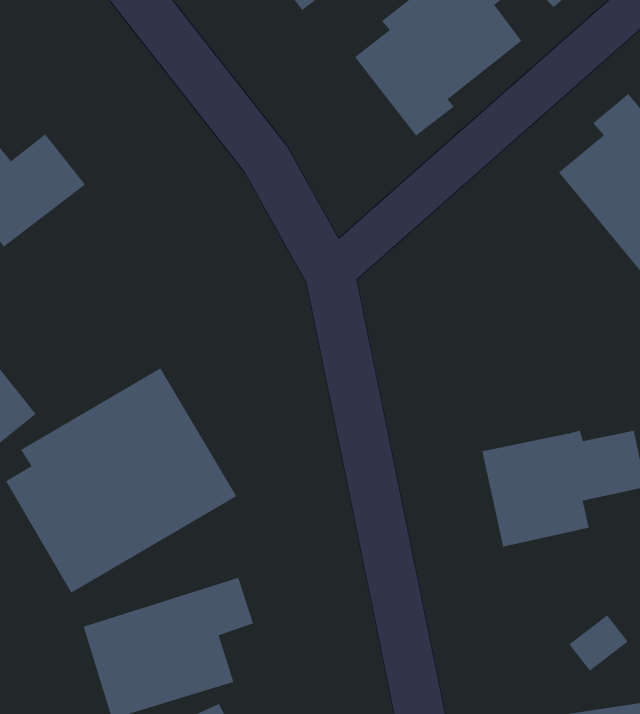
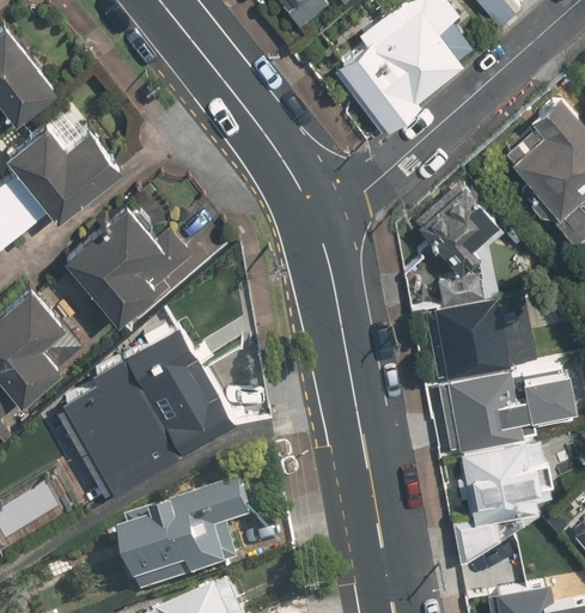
building: none -> [412,186,493,280]
building: none -> [63,207,190,324]
building: none -> [426,283,535,386]
building: none -> [453,445,550,569]

